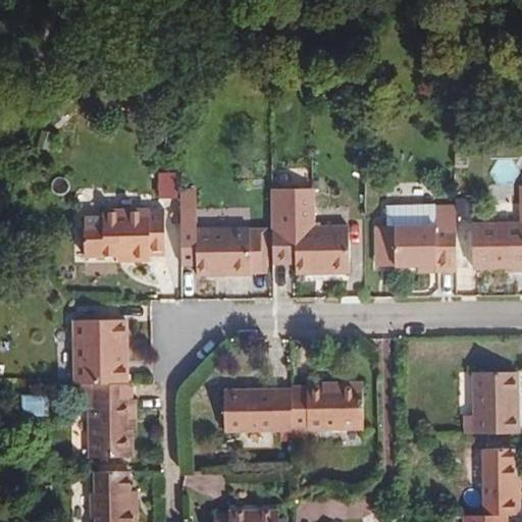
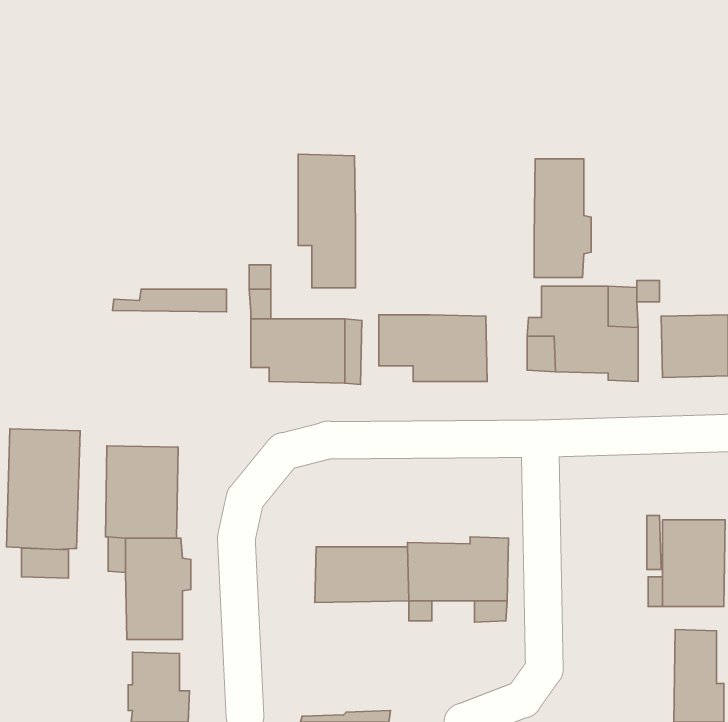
building: none -> [298,154,356,288]
building: none -> [534,159,591,277]
building: [271,190,308,225] -> none
building: [81,222,162,259] -> none
building: none -> [6,429,80,549]

